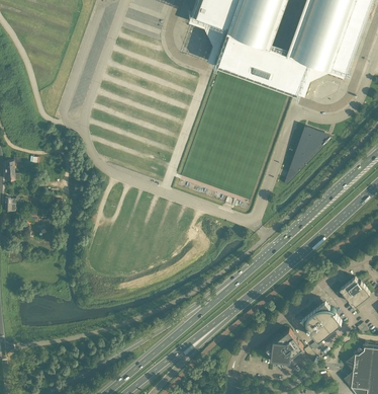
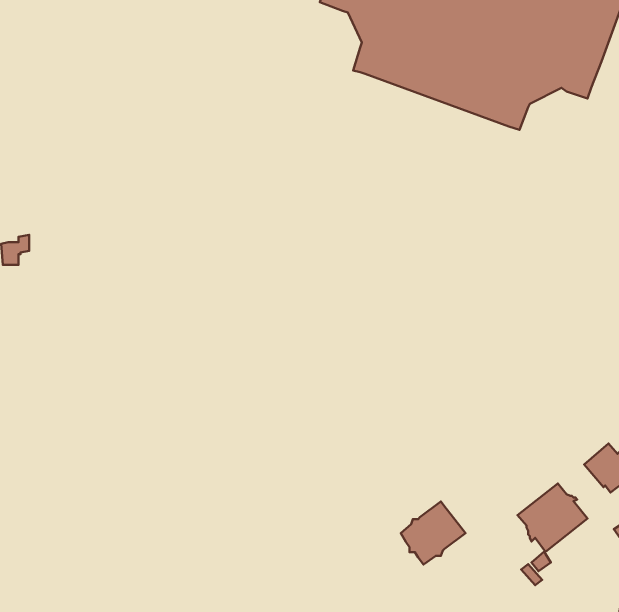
building: [286,130,334,186] -> none
building: [267,330,304,367] -> [401,502,465,565]

